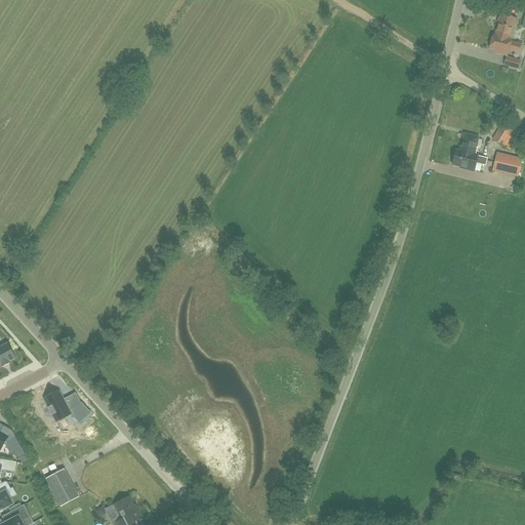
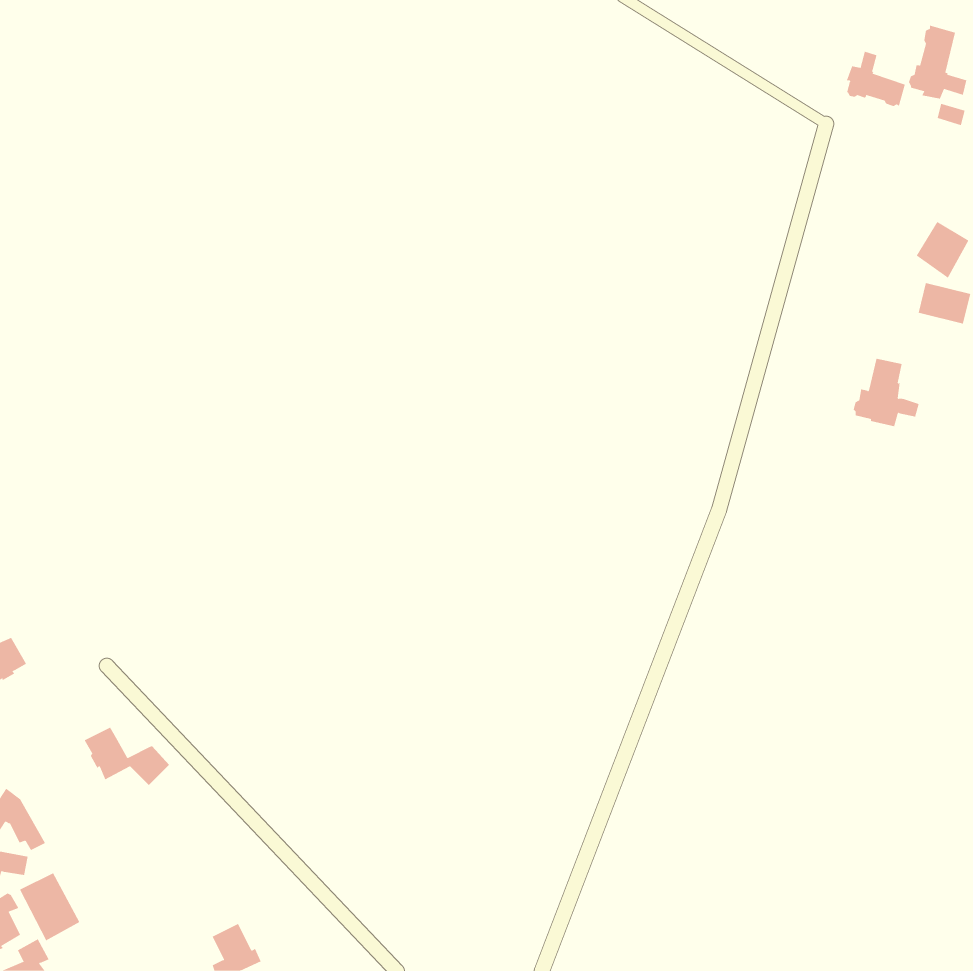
building: none -> [846,51,906,107]
building: [451,132,487,169] -> [853,358,920,427]
building: [45,469,78,506] -> [19,872,80,941]

